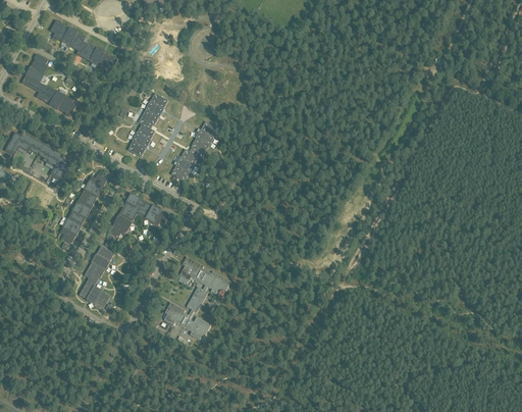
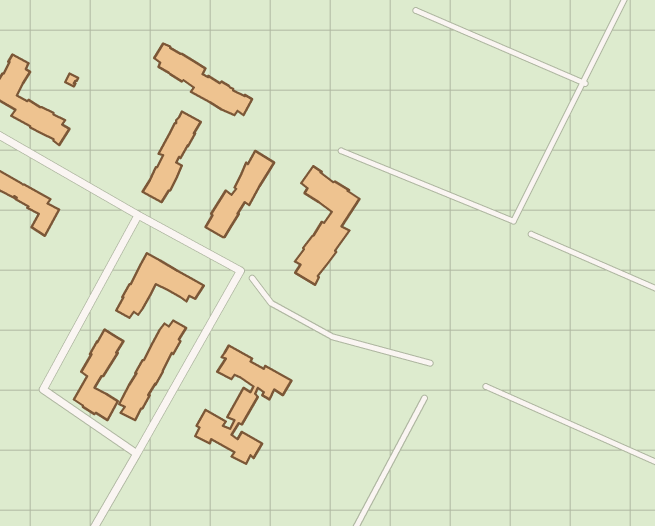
building: [49,19,117,69] -> [154,44,252,115]
building: none -> [295,166,360,285]
building: [59,173,106,243] -> [119,321,186,420]

